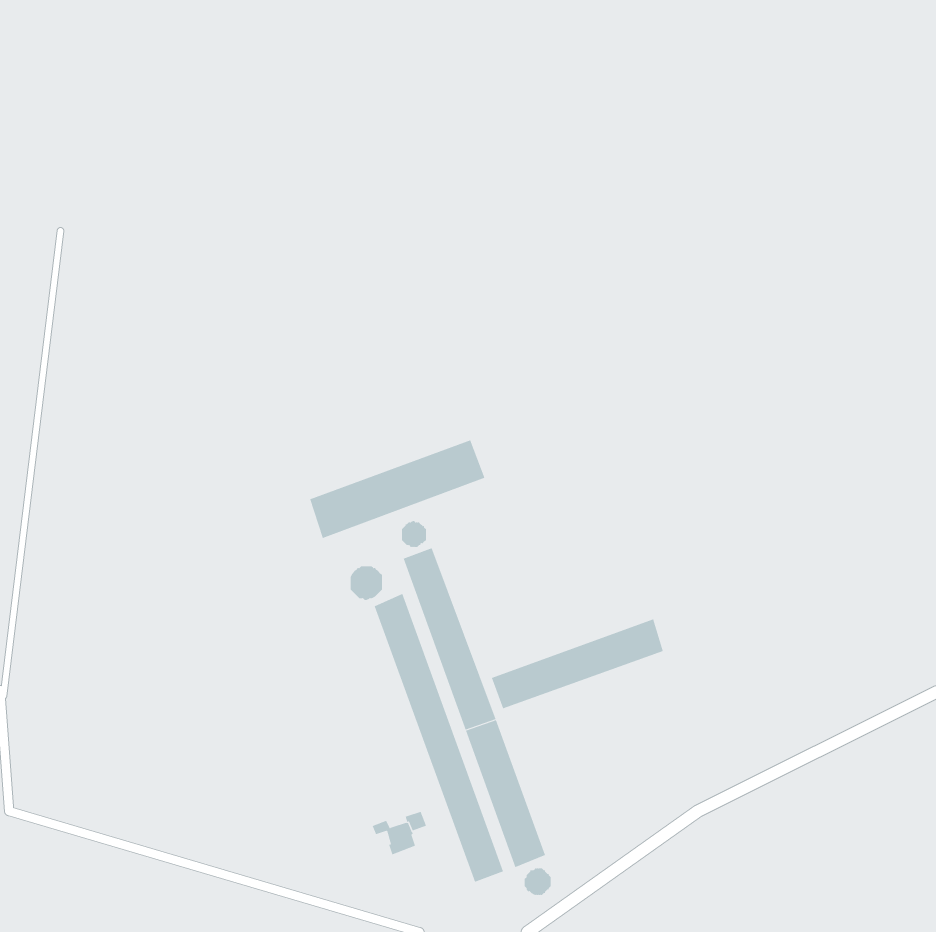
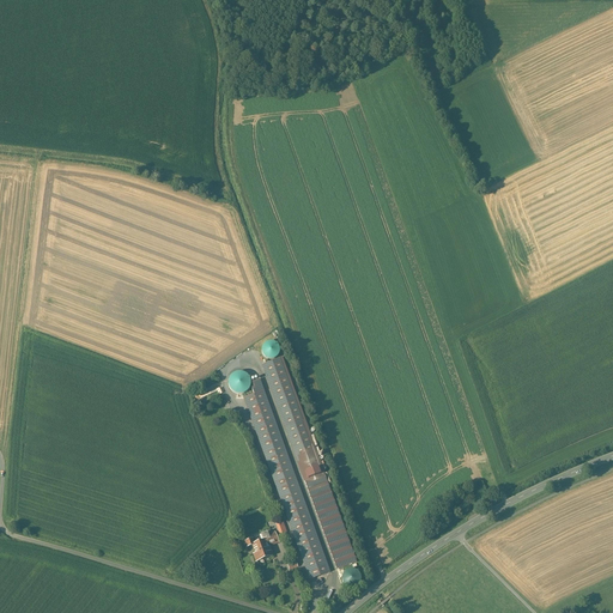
building: [309,440,485,539] -> none
building: [491,619,663,709] -> none

